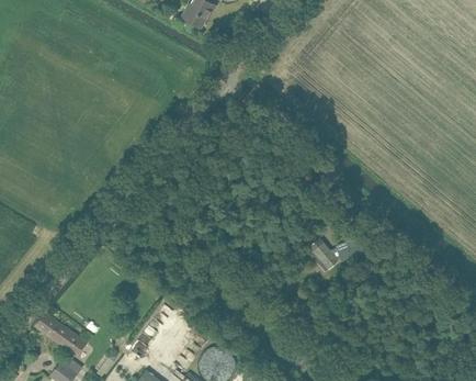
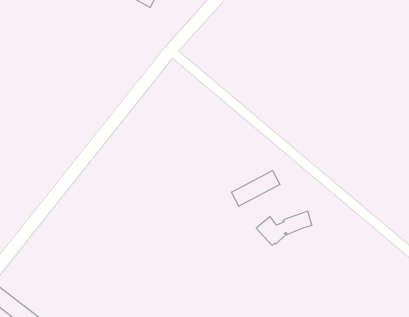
building: none -> [232,171,280,206]

